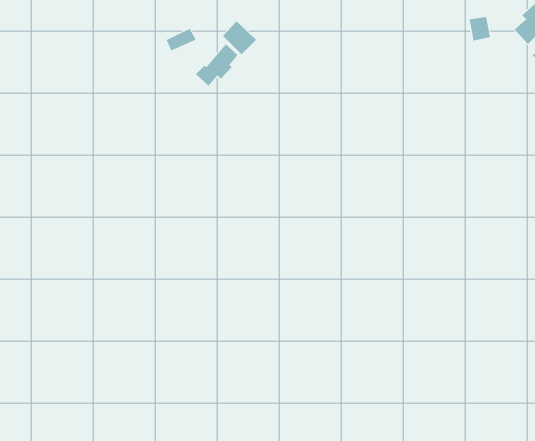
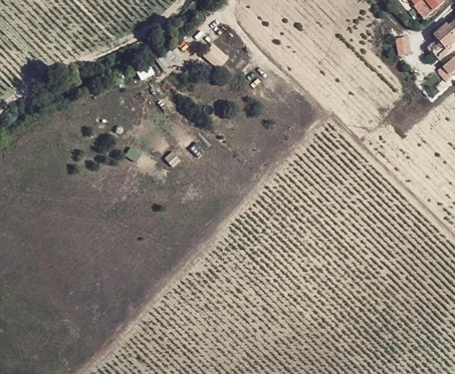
building: [195,43,238,86] -> none

